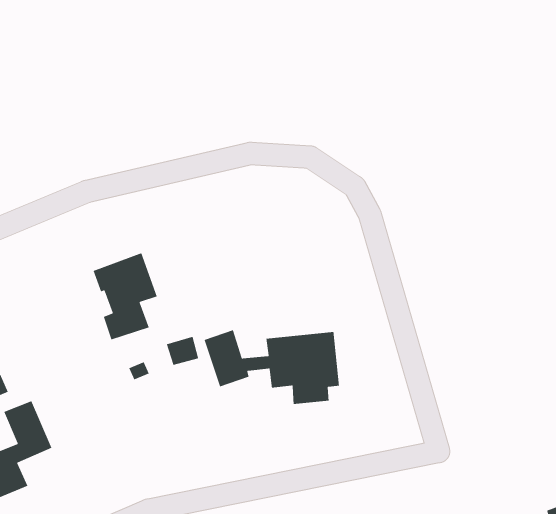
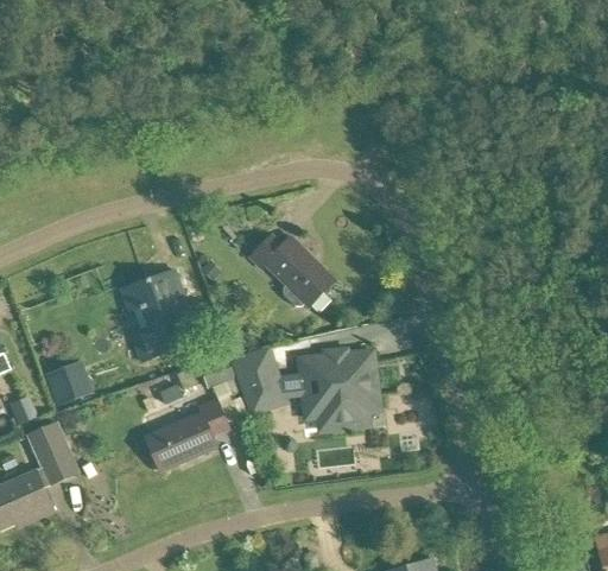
building: none -> [249,233,334,305]
building: none -> [43,360,91,405]
building: none -> [145,400,228,470]

